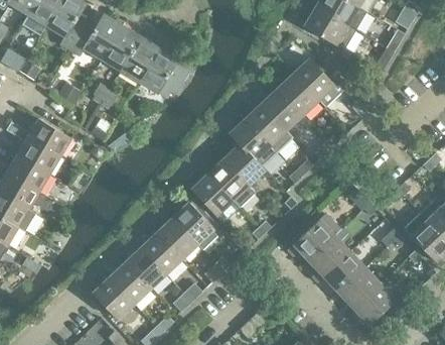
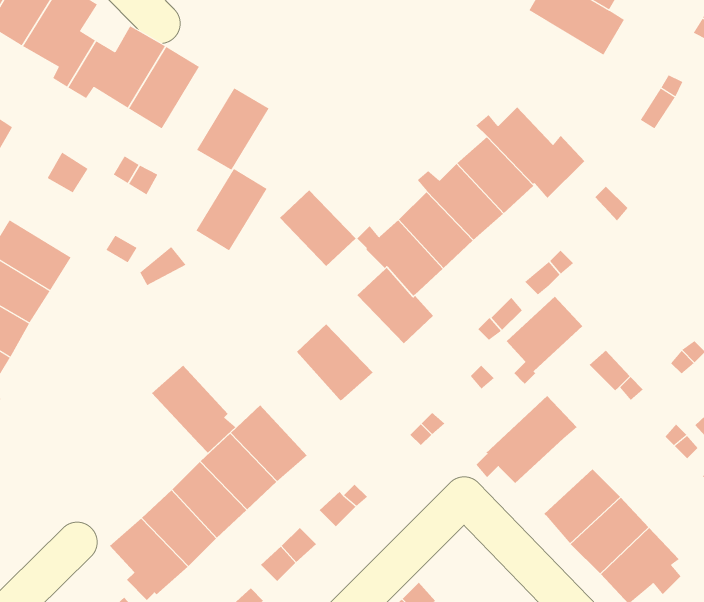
building: [304,7,355,50] -> none
building: [120,37,158,82] -> [196,168,267,251]
building: [207,159,249,201] -> [279,189,357,267]
building: [172,203,217,250] -> [151,365,236,453]
building: [308,236,349,283] -> [506,296,583,385]

